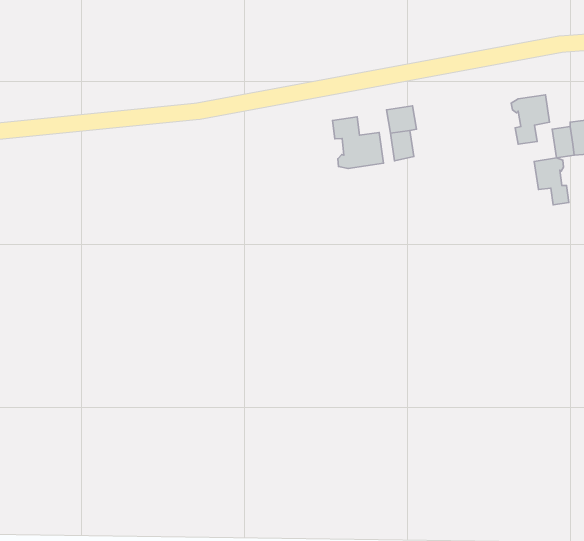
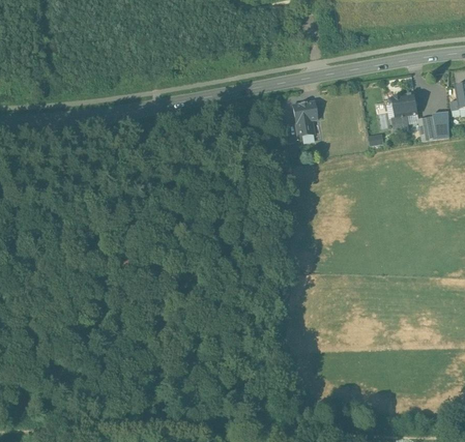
building: [332,117,384,168] -> none
building: [534,158,569,205] -> none

